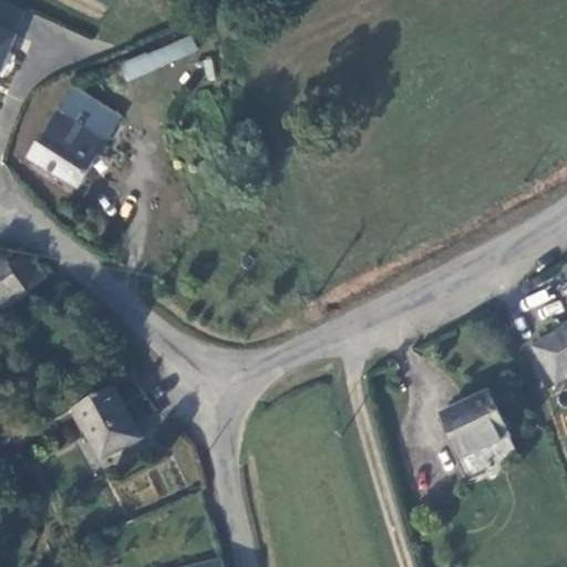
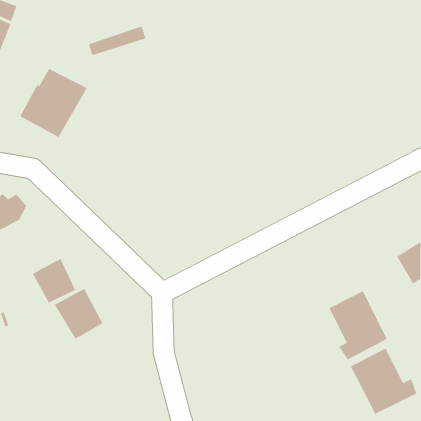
building: none -> [32,258,76,304]
building: none -> [350,348,418,415]

